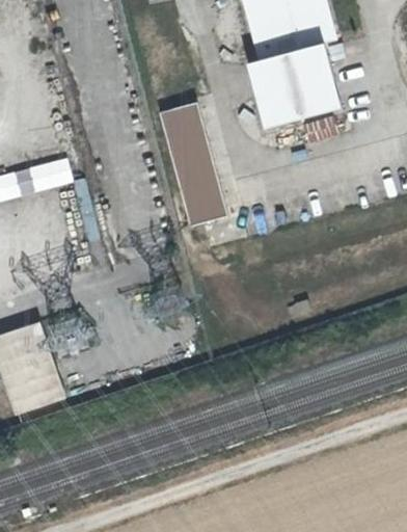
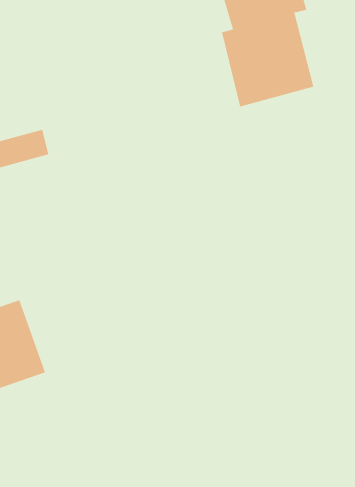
building: [159,101,224,225] -> none

